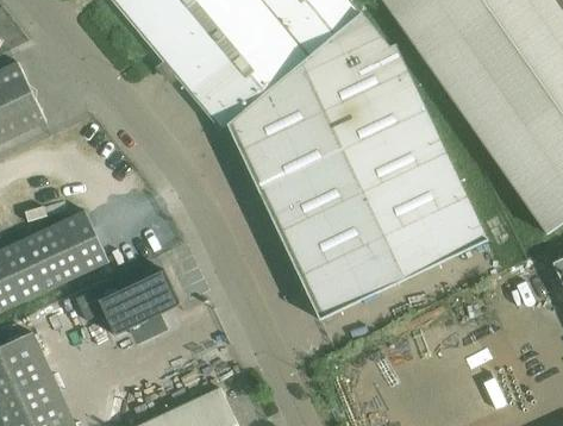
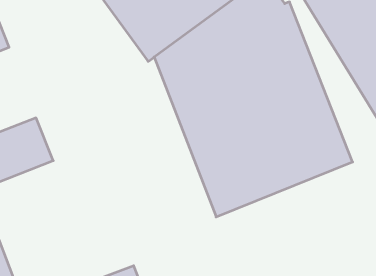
building: [75,263,181,339] -> none

